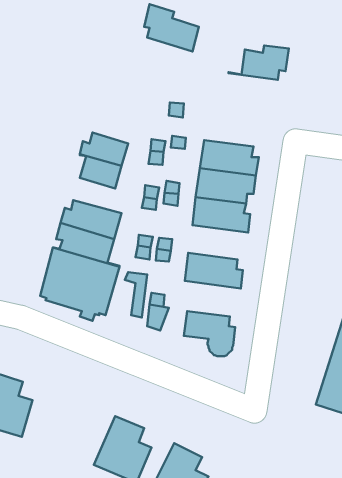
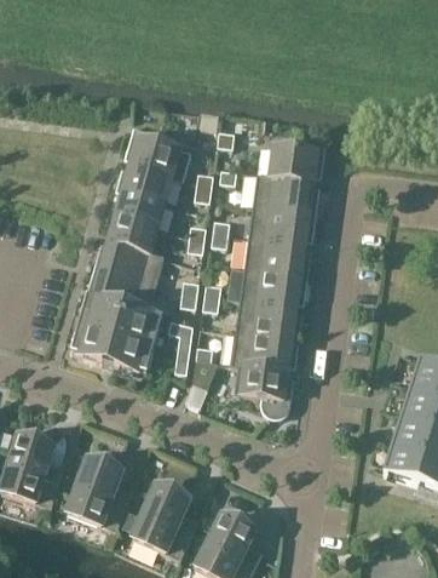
building: [144,4,199,52] -> [128,125,190,178]
building: [229,45,289,80] -> [258,139,325,178]
building: none -> [110,213,165,253]
building: none -> [240,267,307,305]
building: none -> [231,330,299,370]
building: none -> [68,456,132,530]

